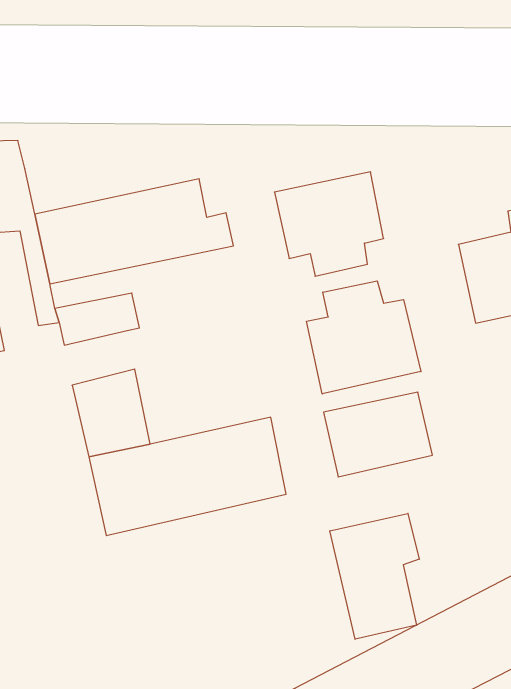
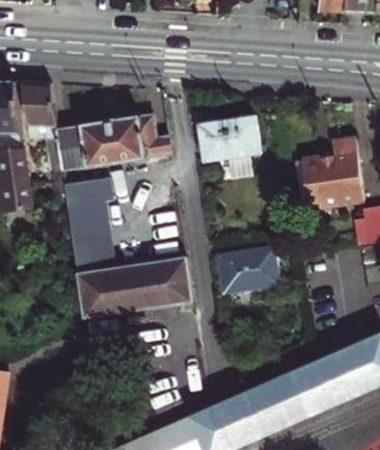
building: [307,281,421,394] -> none
building: none -> [67,201,108,231]
building: [330,513,419,639] -> none

